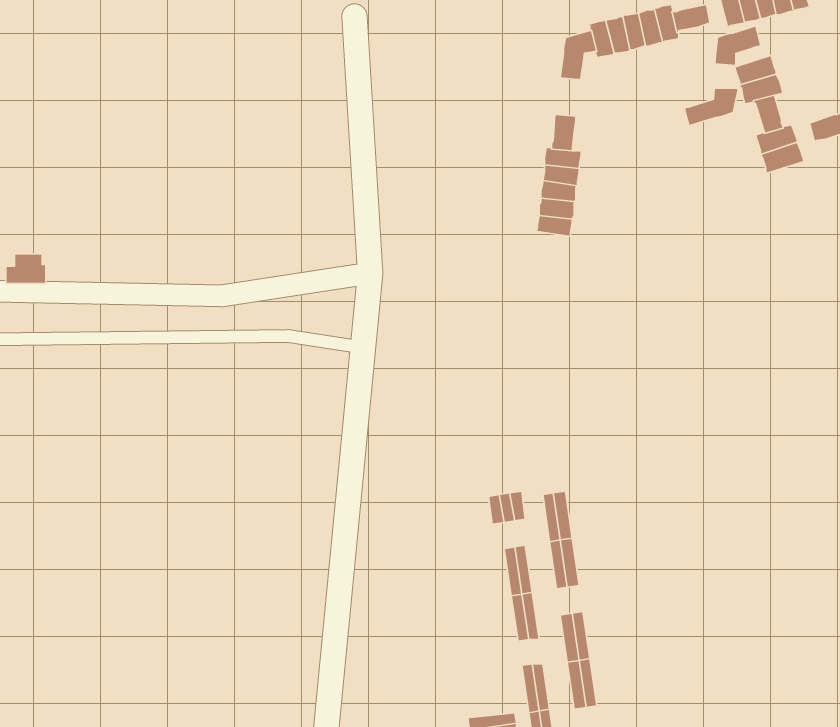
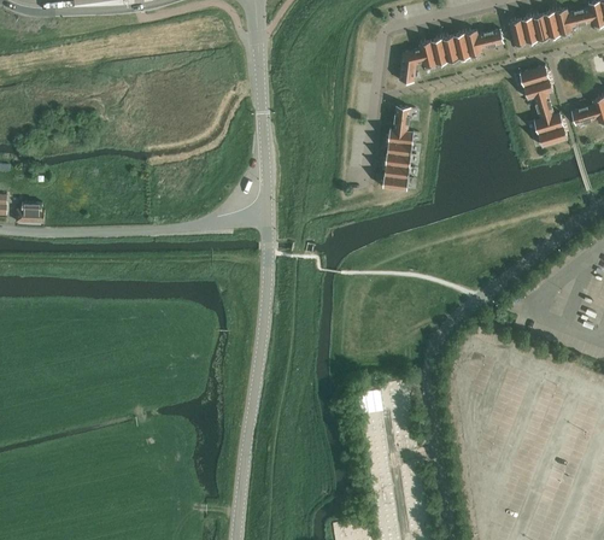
building: [715,26,761,65] -> none
building: [684,88,738,126] -> none

